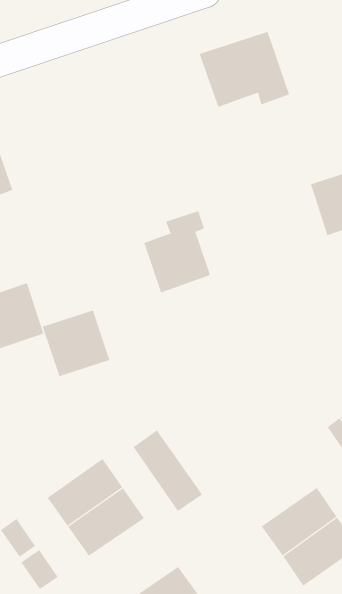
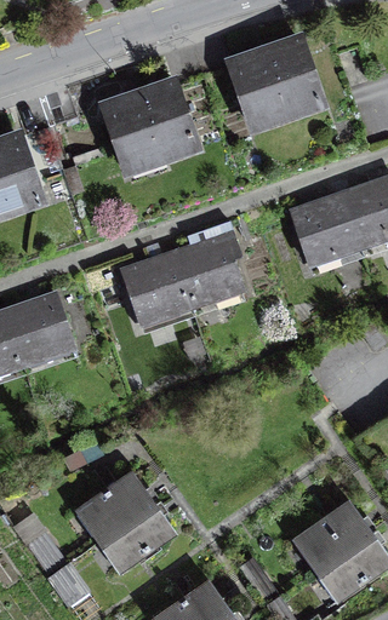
building: none -> [104,82,196,160]
building: none -> [291,195,360,265]
building: [42,310,110,377] -> [122,254,192,322]
building: [133,429,203,512] -> none

